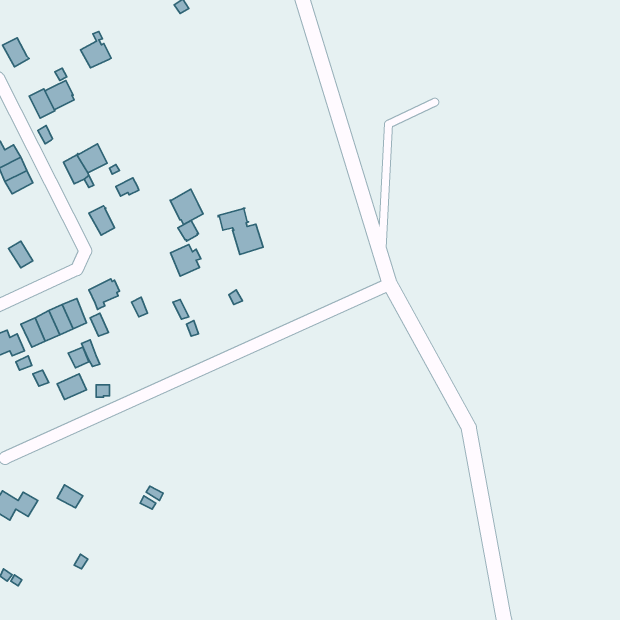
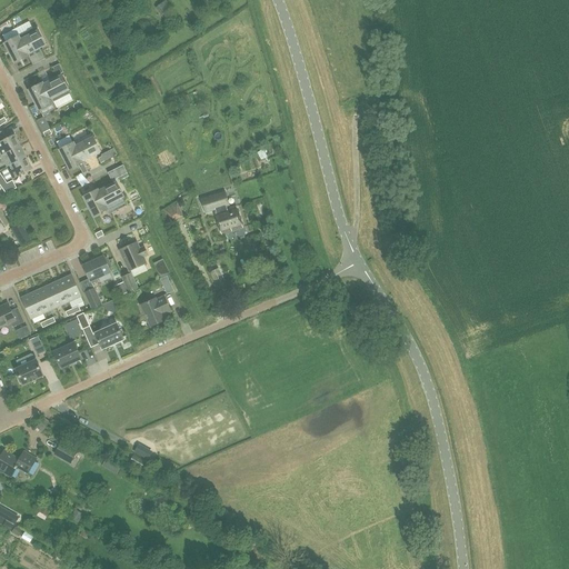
building: [81,31,111,68] -> [16,18,43,51]
building: [170,189,203,225] -> [96,180,126,212]
building: [170,244,201,276] -> [118,240,146,269]
building: none -> [139,293,169,325]
building: none -> [93,321,122,347]
building: none -> [14,352,41,381]

